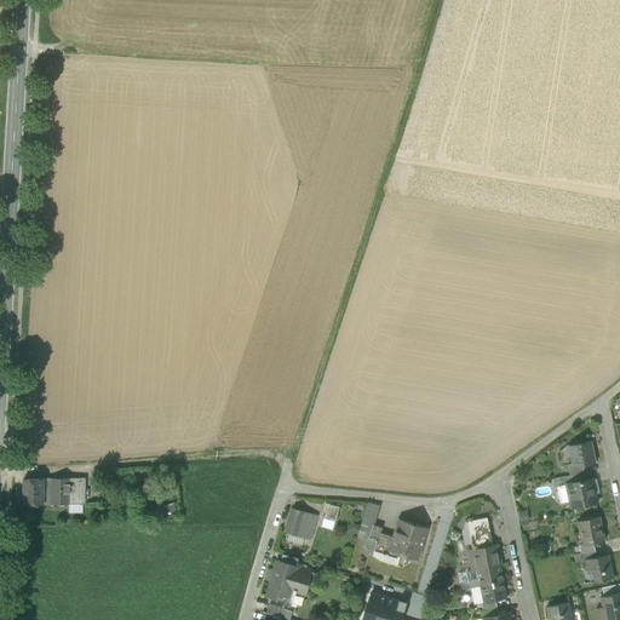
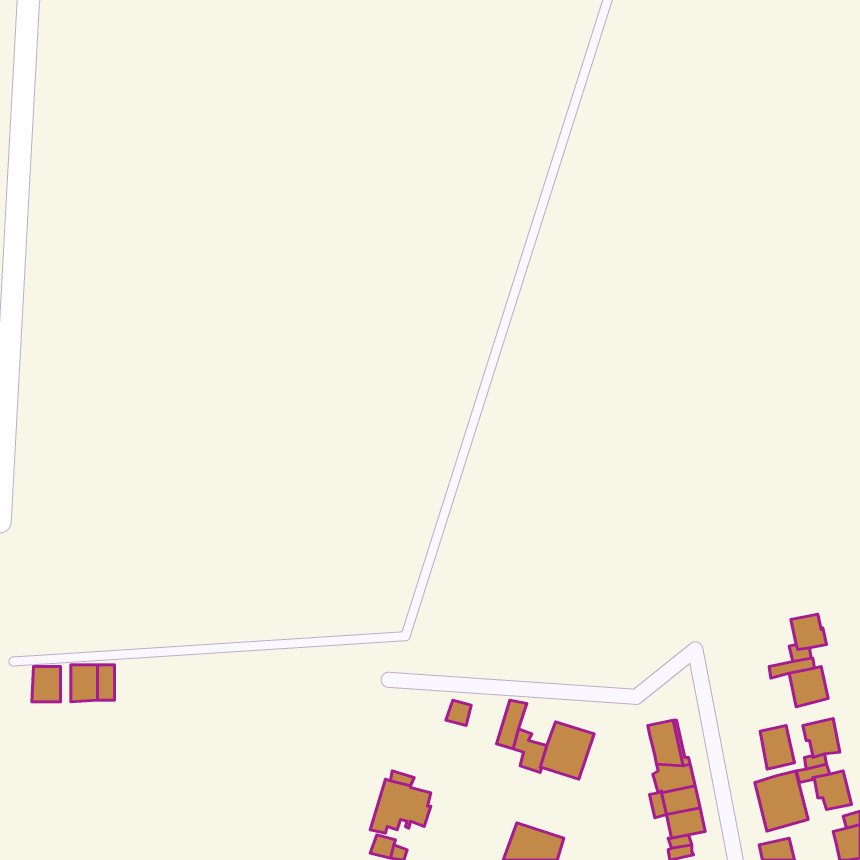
building: [286,510,317,539] -> none
building: none -> [760,726,795,769]
building: none -> [755,771,808,831]

